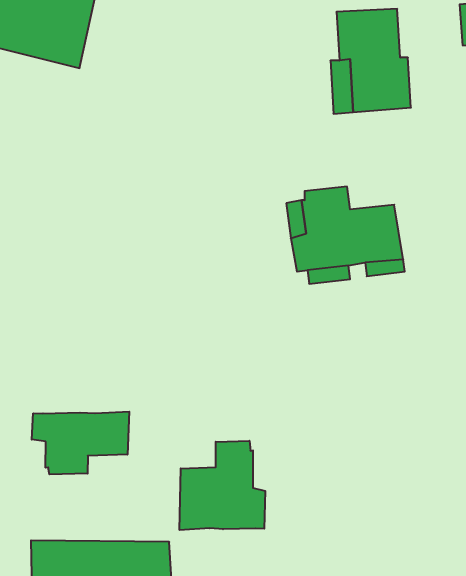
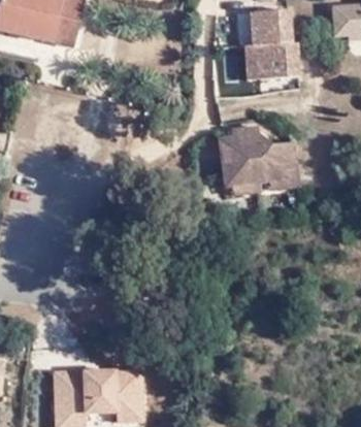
building: [32,412,129,474] -> none
building: [180,441,265,530] -> none

